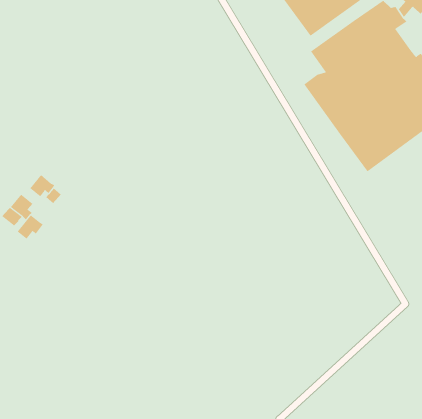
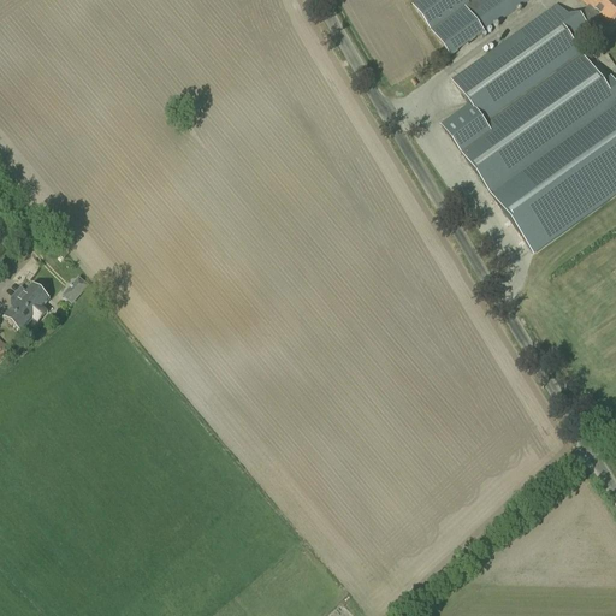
building: [29,174,55,197] -> none
building: [17,215,44,240] -> none

